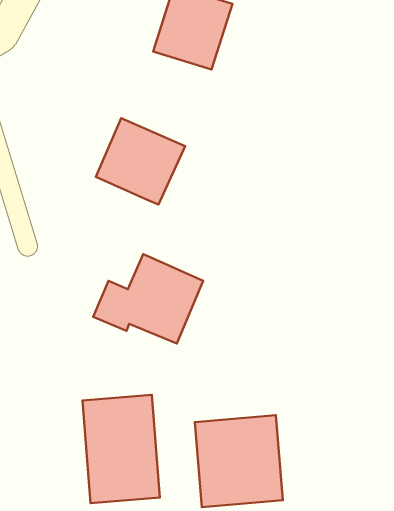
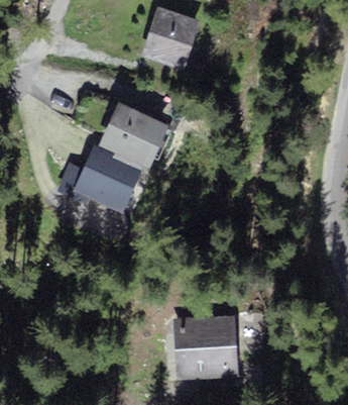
building: [93,254,203,343] -> [62,143,141,208]
building: [82,395,160,503] -> none

